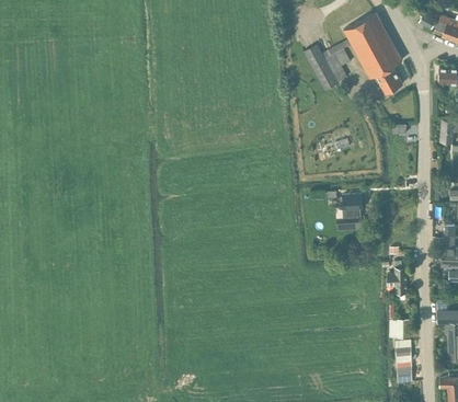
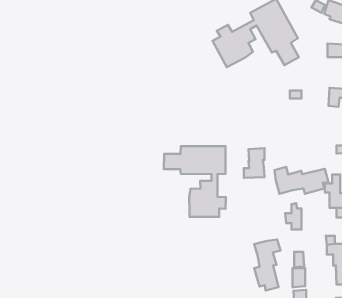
building: none -> [164,146,226,217]
building: none -> [274,167,328,194]
building: none -> [254,239,281,290]

